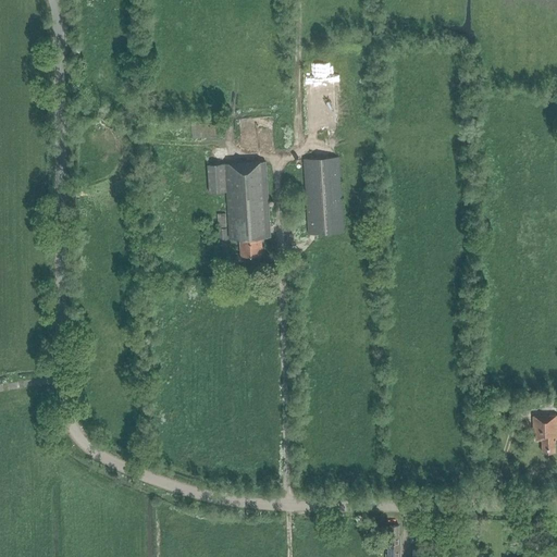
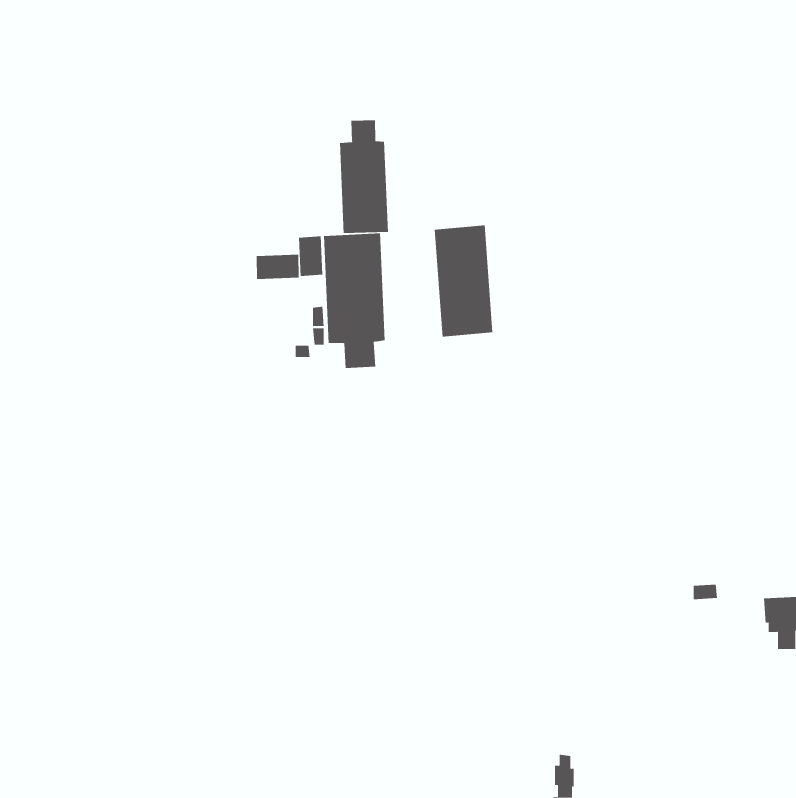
building: none -> [339,119,389,234]
building: none -> [256,254,299,280]

